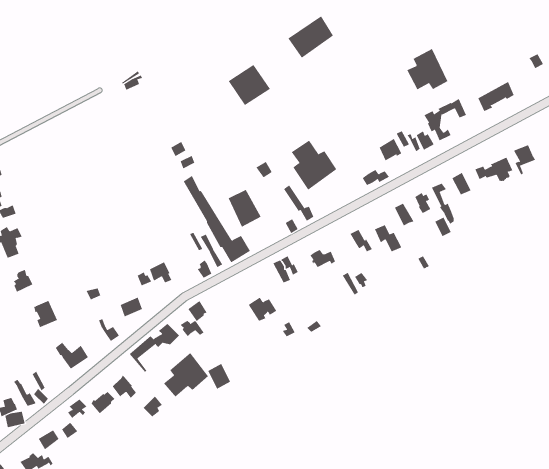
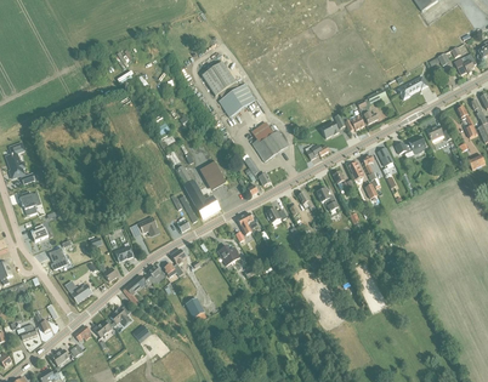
building: [288,15,334,59] -> [219,82,255,116]
building: [407,48,448,90] -> none
building: [163,352,209,398] -> none

